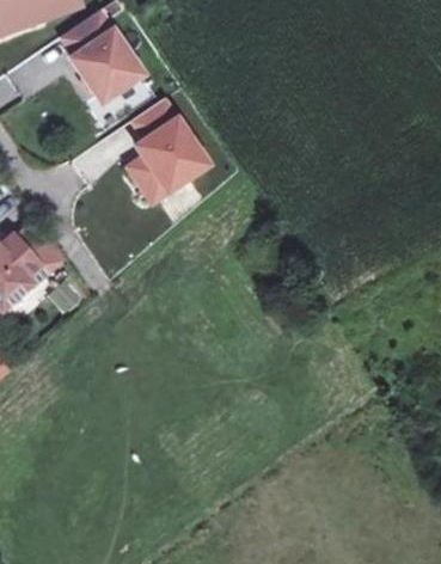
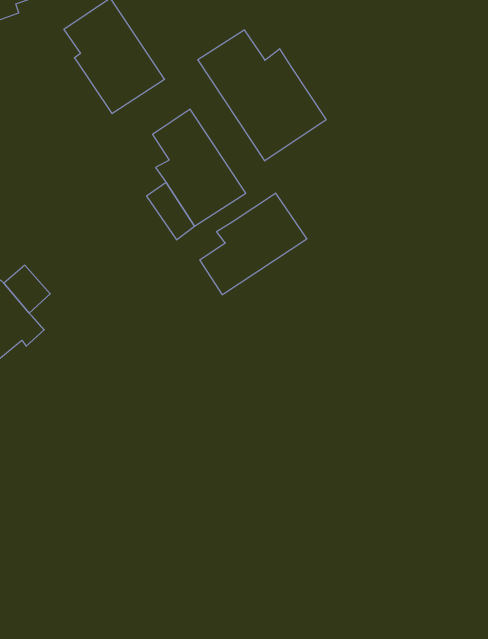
building: none -> [198,30,326,161]
building: none -> [200,193,307,295]

